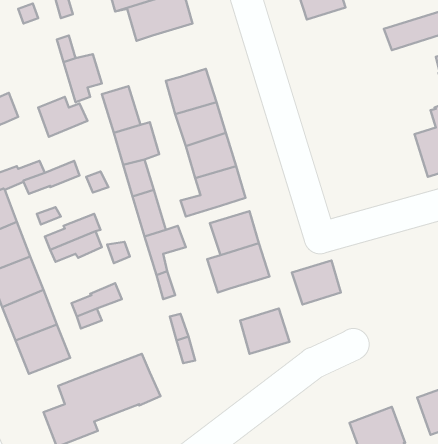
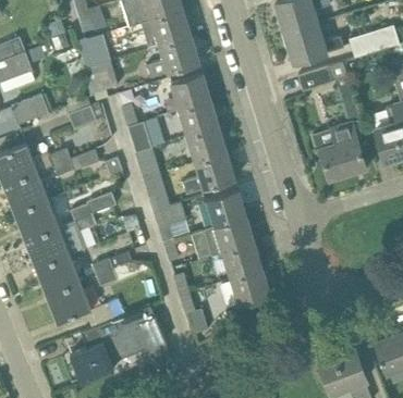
building: none -> [284,24,343,63]
building: none -> [145,37,199,78]
building: none -> [297,62,365,179]
building: [292,260,341,304] -> [221,244,261,279]

